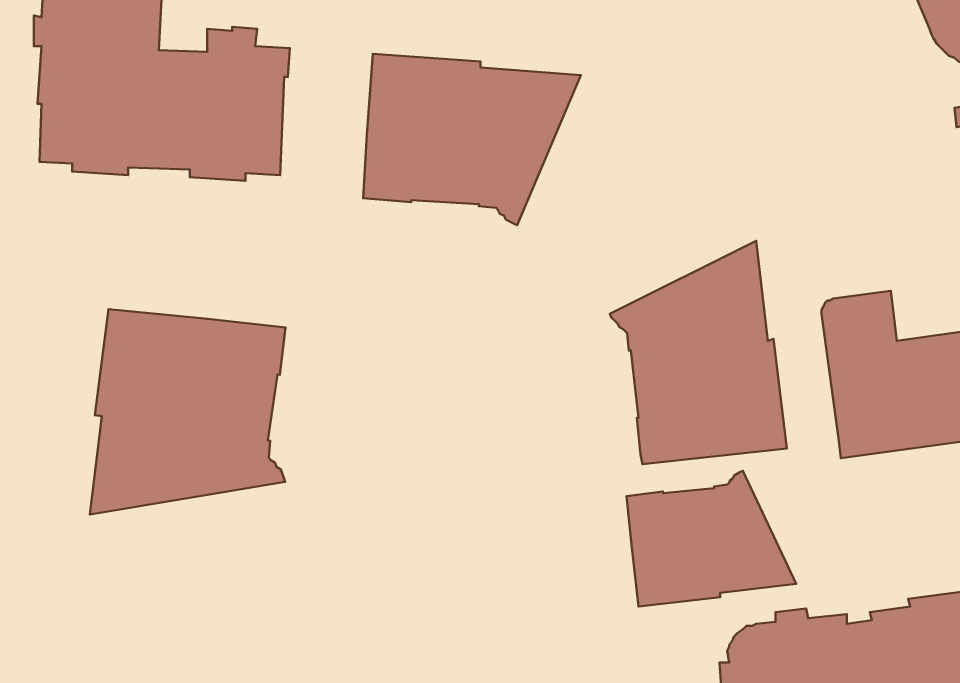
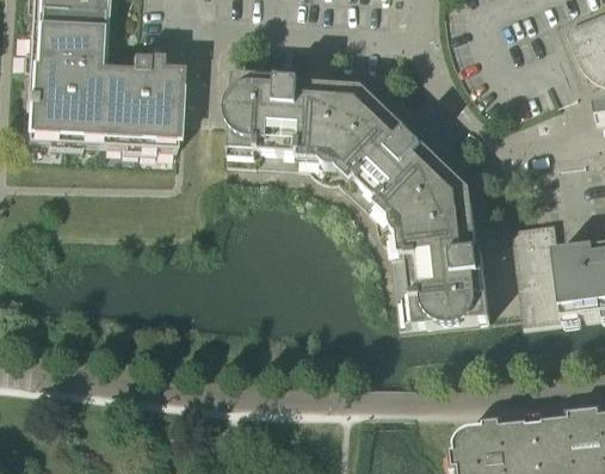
building: none -> [327,86,475,234]
building: [90,309,285,515] -> none
building: [626,471,796,606] -> none

